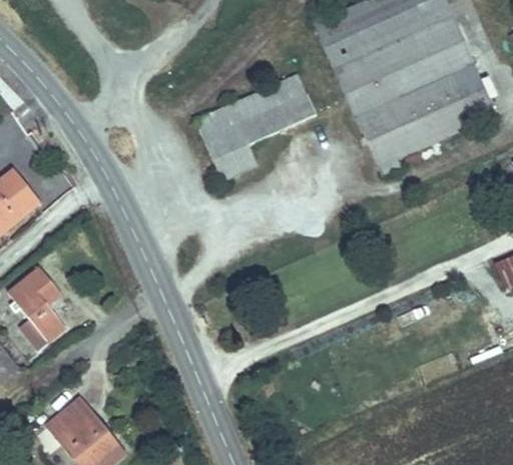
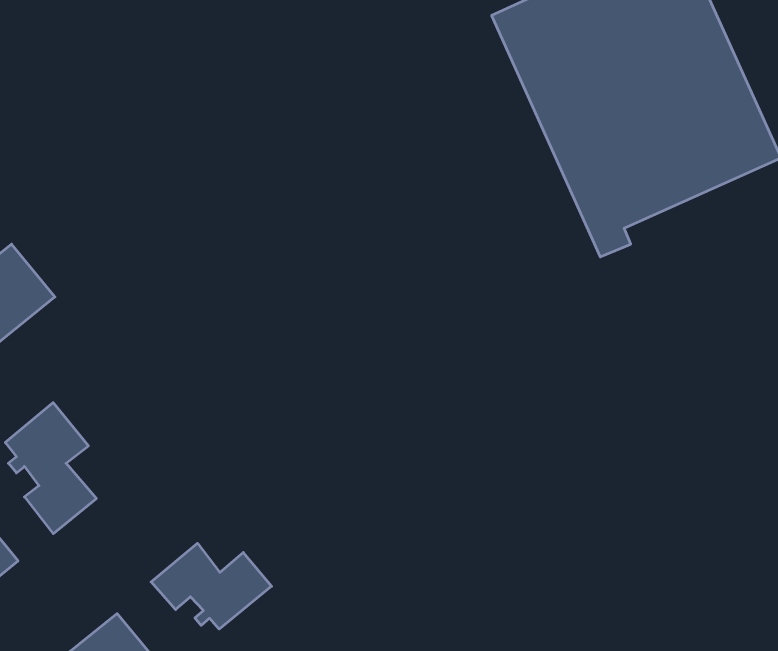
building: [195,73,317,180] -> none
building: none -> [151,543,272,629]

